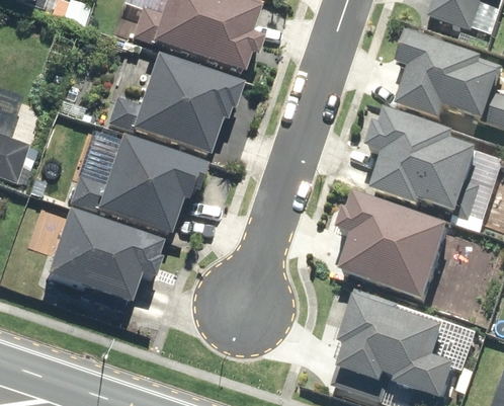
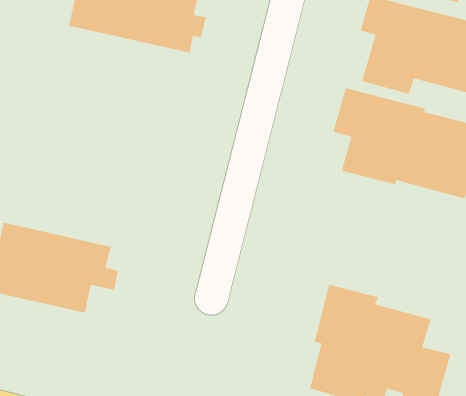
building: [105,53,241,149] -> none
building: [65,130,205,230] -> none
building: [339,191,451,300] -> none

